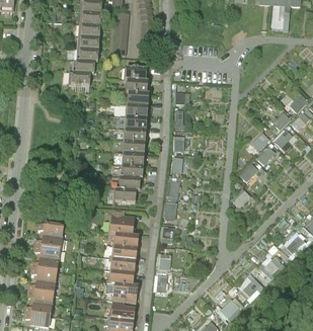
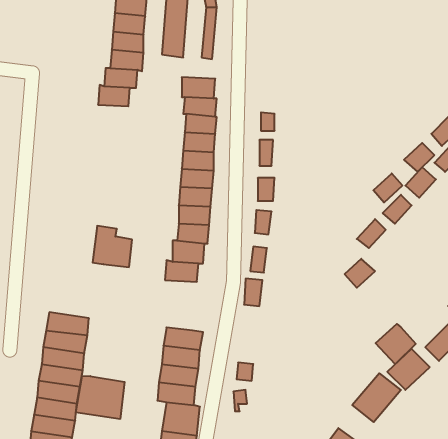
building: [107,208,134,235] -> [93,226,132,267]
building: none -> [376,324,416,364]
building: none -> [76,376,125,419]

